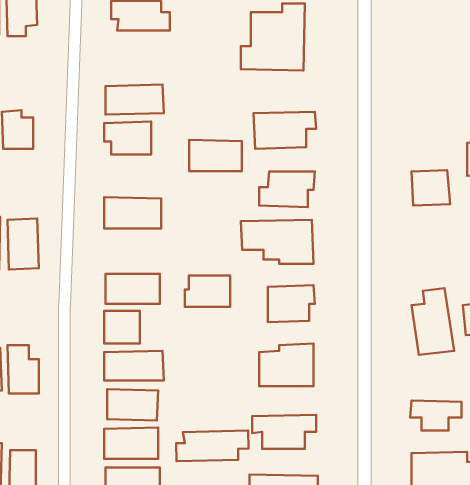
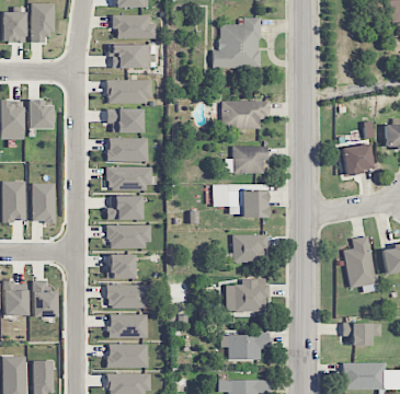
building: none -> [111,44,156,68]
building: [189,140,242,171] -> [107,137,148,161]
building: [185,275,230,307] -> [106,195,141,219]
building: [176,431,249,461] -> none

